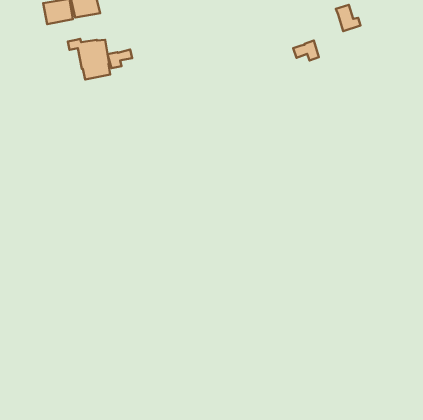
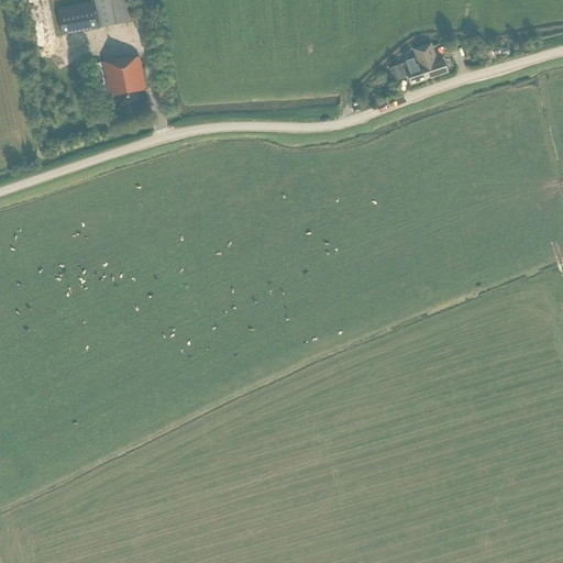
building: [336,5,361,31] -> [413,41,446,76]
building: [108,50,132,68] -> none

